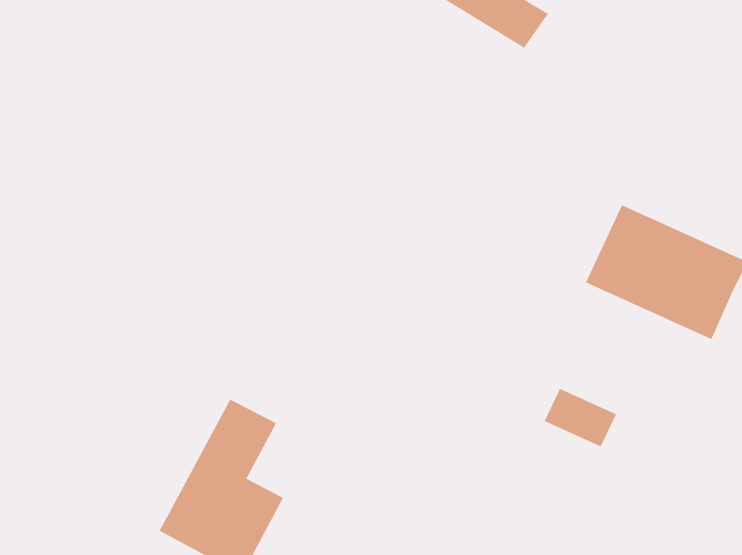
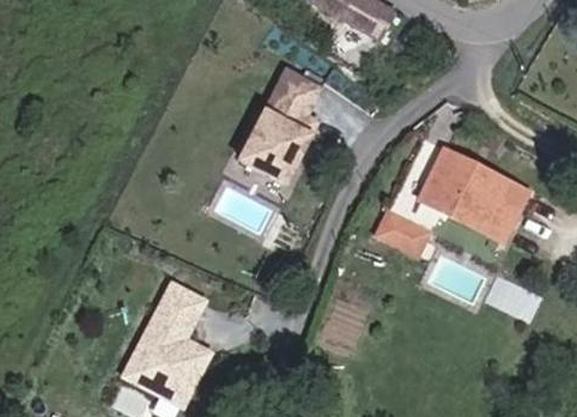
building: none -> [239,62,322,176]
building: [544,388,617,447] -> [379,214,430,255]

